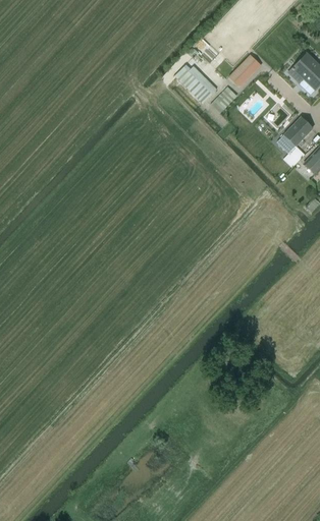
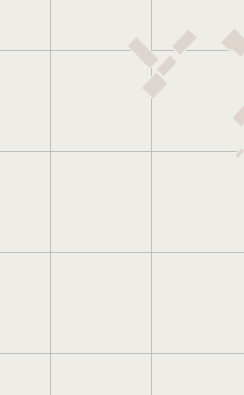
building: none -> [141,72,168,99]
building: [277,115,314,167] -> none

